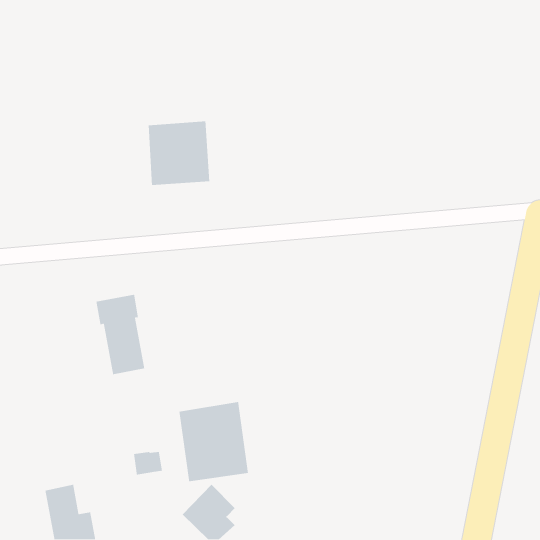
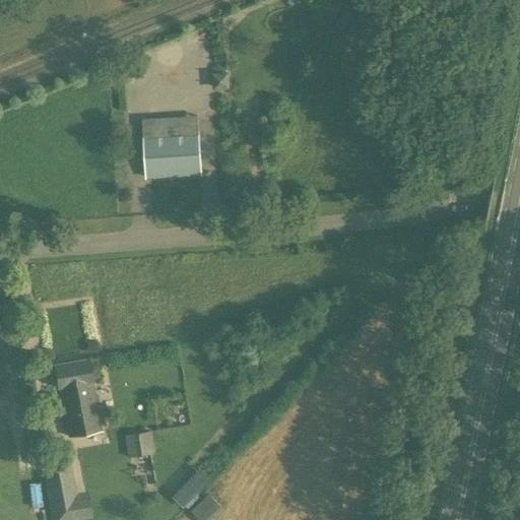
building: [96,294,145,375] -> [52,360,100,438]
building: [179,401,249,482] -> none

